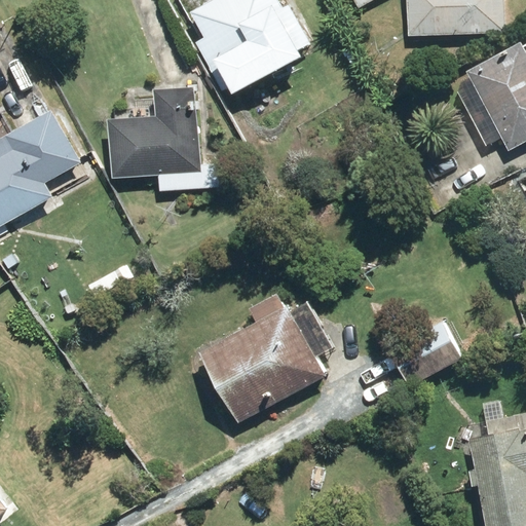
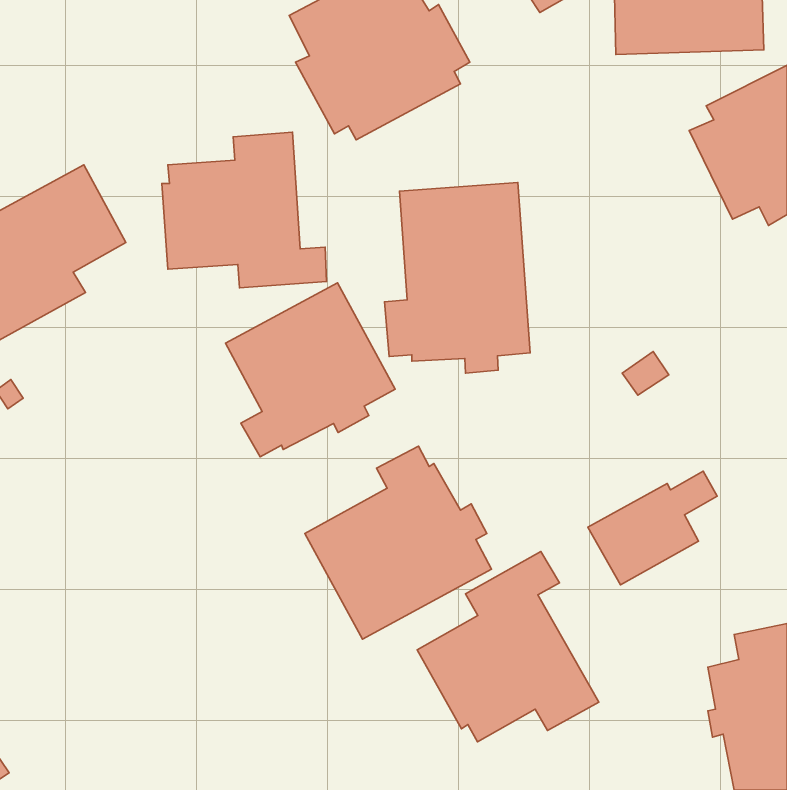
building: none -> [384,183,530,373]
building: none -> [226,283,395,457]
building: none -> [417,552,599,742]

